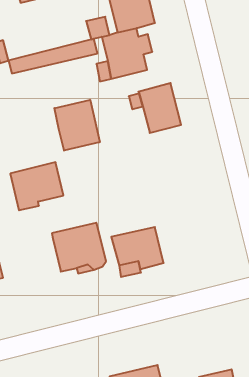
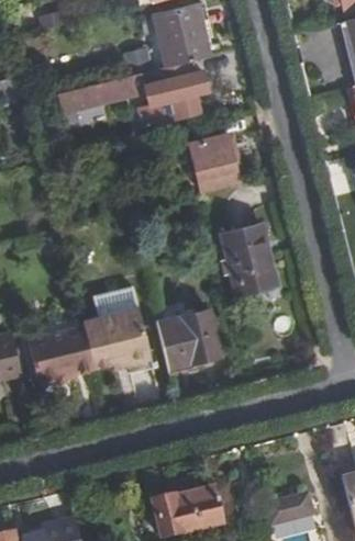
building: [54,100,100,151] -> none
building: none -> [222,223,280,294]
building: [10,162,63,210] -> [24,325,91,385]

